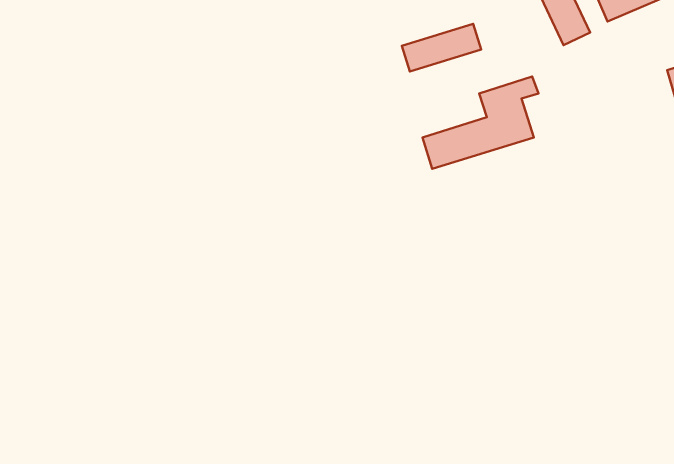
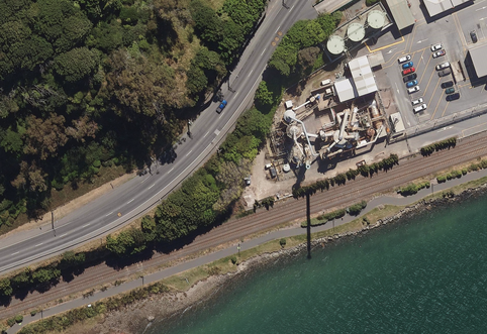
building: [402,24,481,71] -> none

